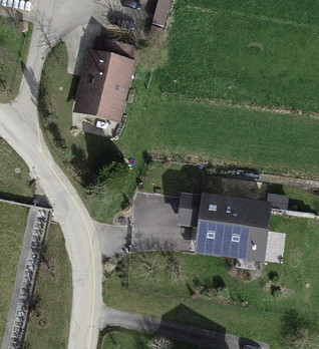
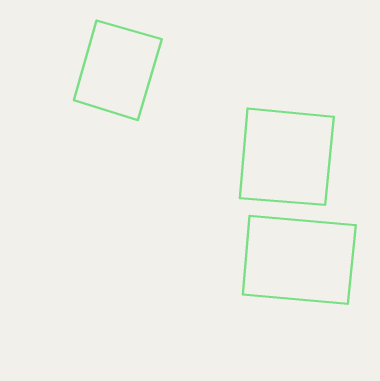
building: none -> [240,109,334,205]

